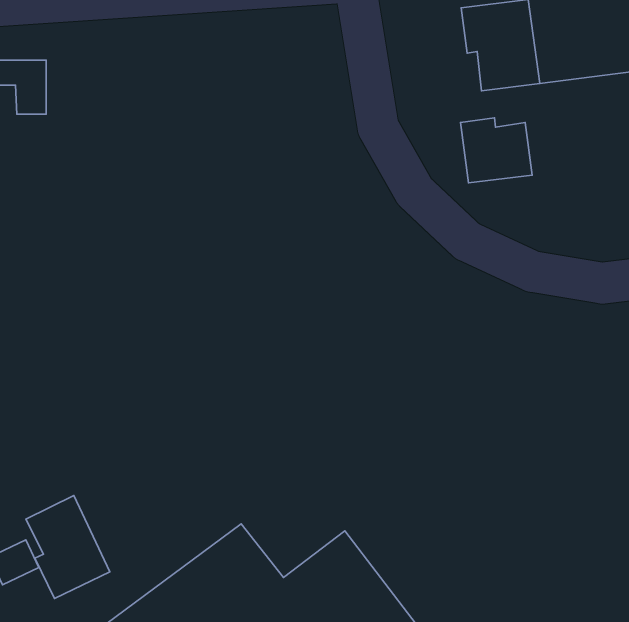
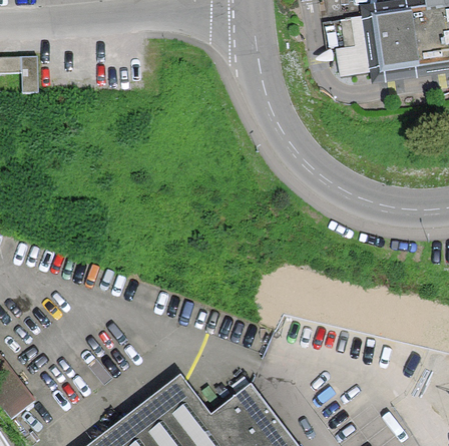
building: [461,118,532,183] -> none
building: [26,496,110,599] -> none

